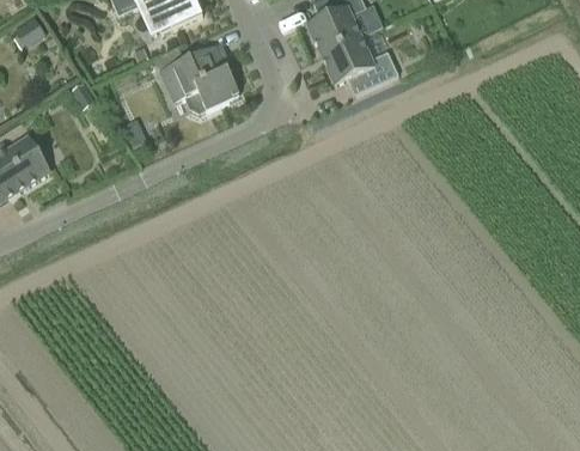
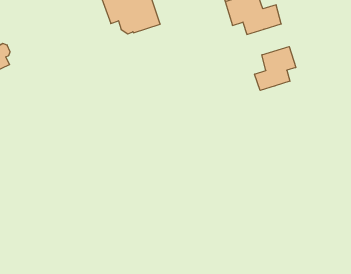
building: none -> [255,47,296,90]

